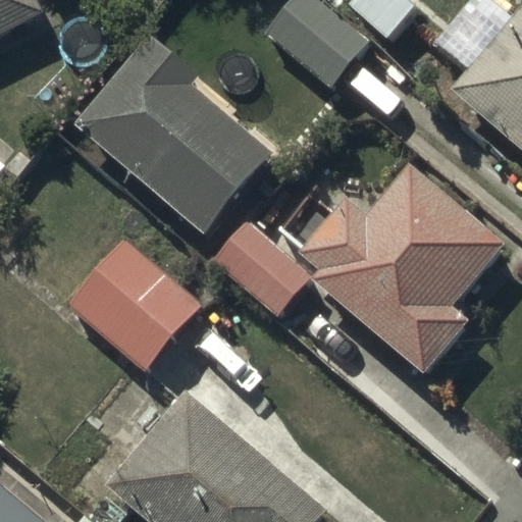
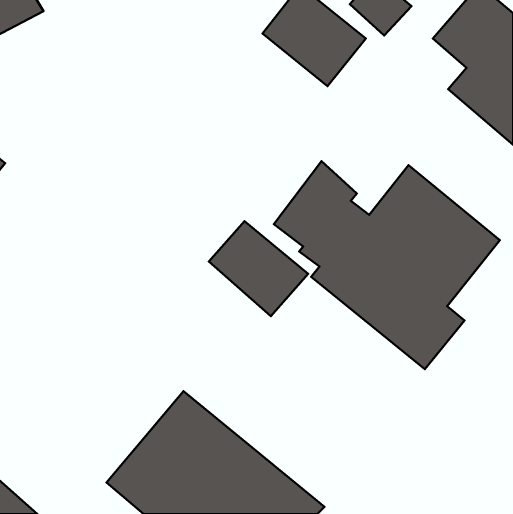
building: [74,36,275,237] -> none
building: [67,238,200,369] -> none

